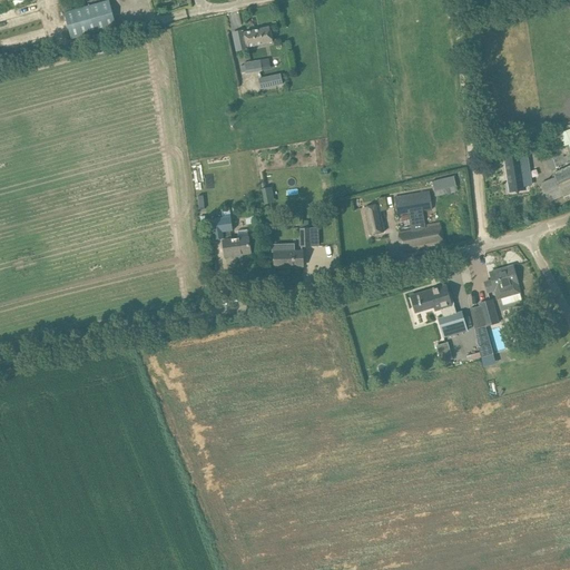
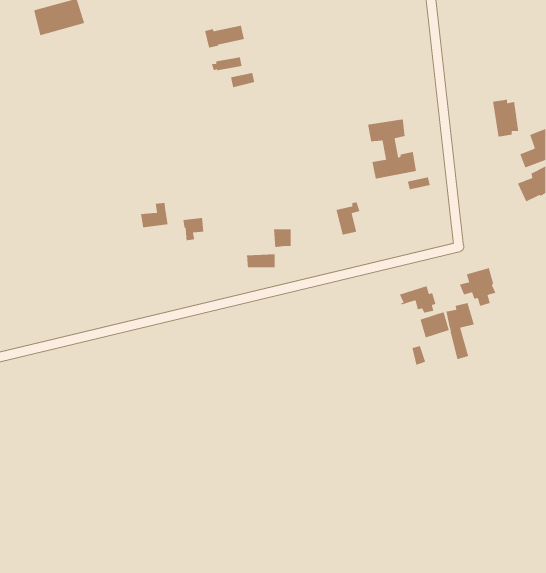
building: [504,153,531,190] -> [492,99,519,137]
building: [394,190,443,250] -> [367,118,417,180]
building: [223,229,250,255] -> [140,202,168,228]

